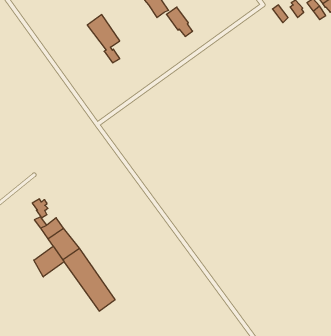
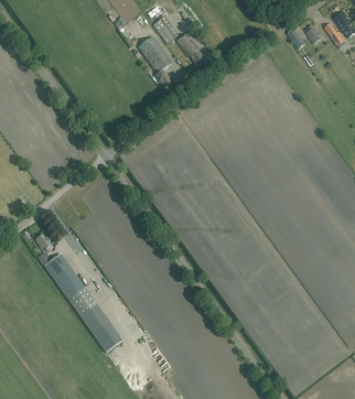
building: [87,15,120,63] -> [138,35,172,86]
building: [34,246,64,277] -> none

